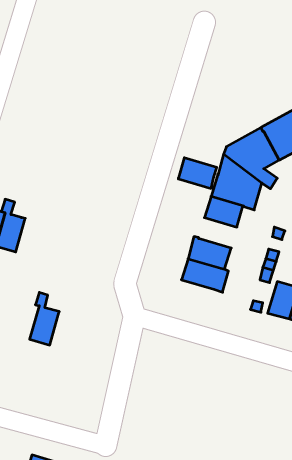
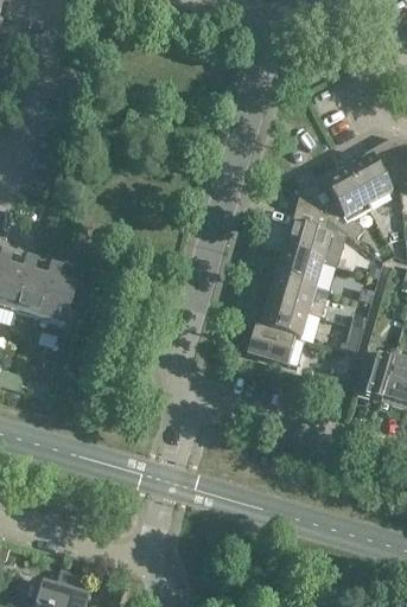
building: [178,158,217,188] -> [269,274,317,312]
building: [30,292,59,345] -> [43,258,80,324]

